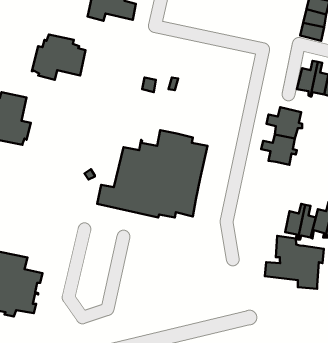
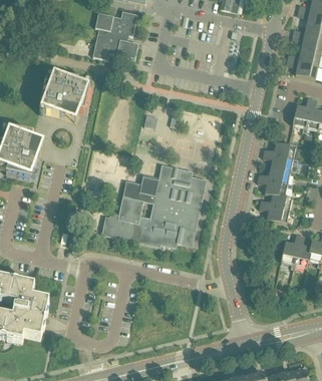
building: none -> [259,194,293,223]
building: [265,236,324,289] -> none

